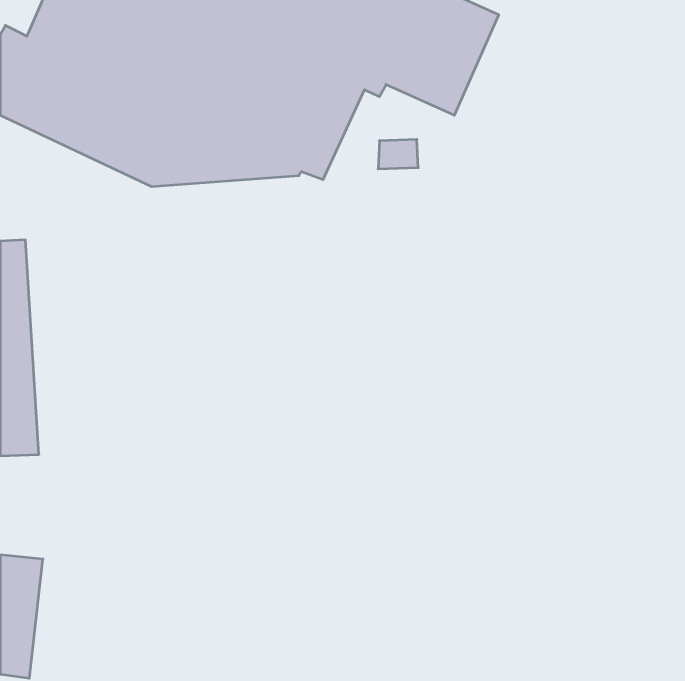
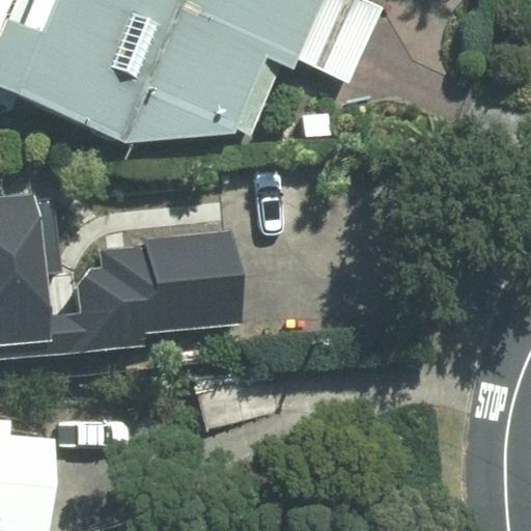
building: none -> [38,226,231,345]

